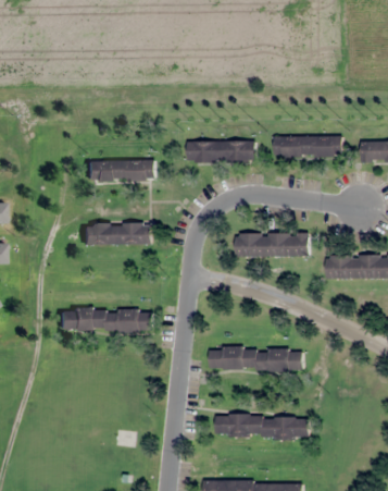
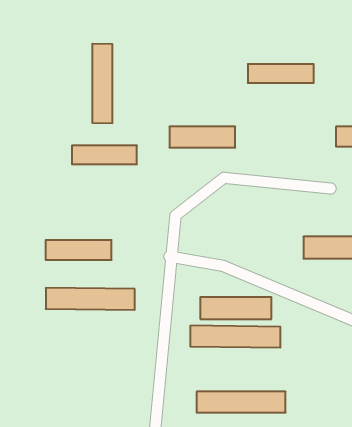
building: none -> [92,44,112,123]
building: [274,137,342,157] -> [248,64,314,83]
building: [83,224,151,245] -> [46,240,112,260]
building: [236,234,310,257] -> [200,297,271,319]

